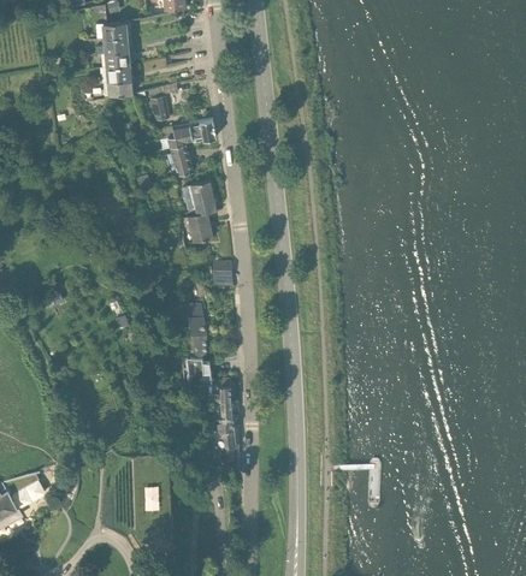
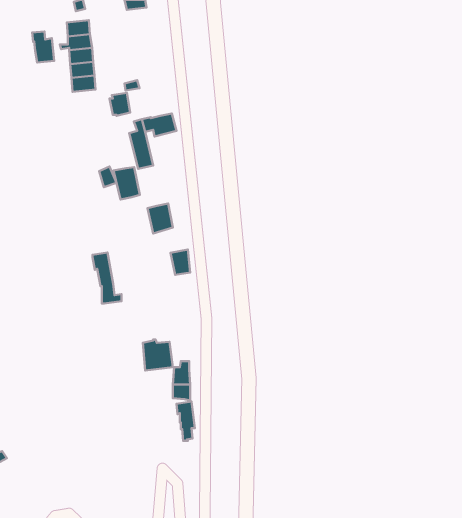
building: none -> [32,31,54,62]
building: [189,182,217,215] -> [113,167,140,199]
building: [183,302,213,355] -> [92,253,121,303]

